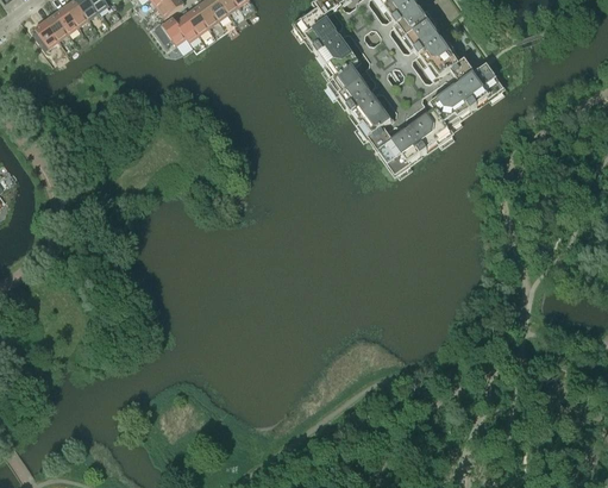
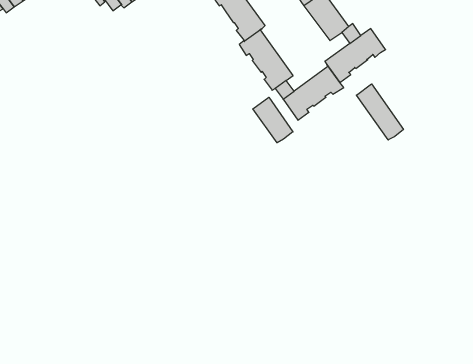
building: none -> [356,84,403,140]
building: none -> [253,97,293,143]

